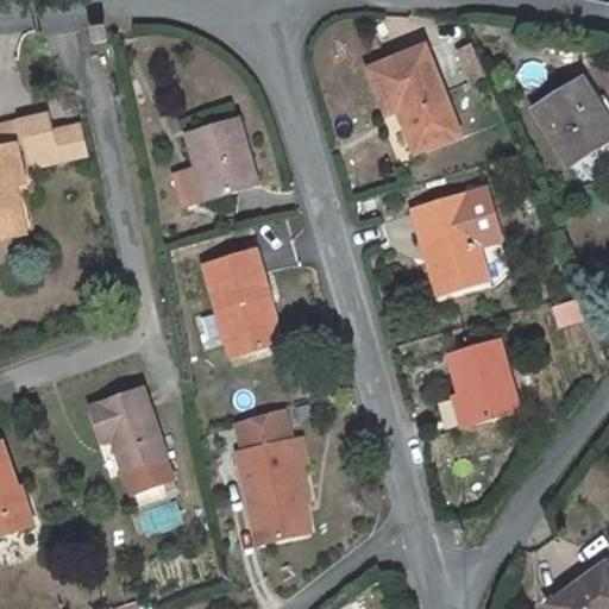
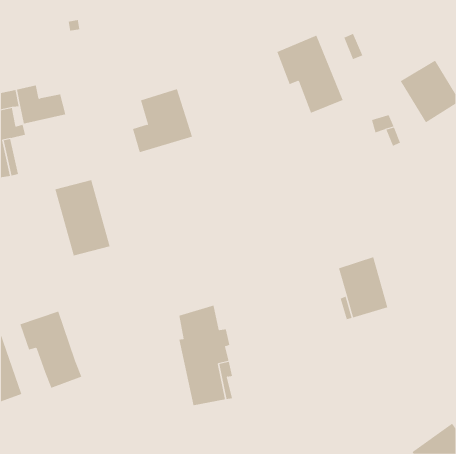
building: [413,189,500,293] -> none
building: [206,251,281,353] -> [54,179,111,256]
building: [90,388,174,491] -> [20,311,82,388]

